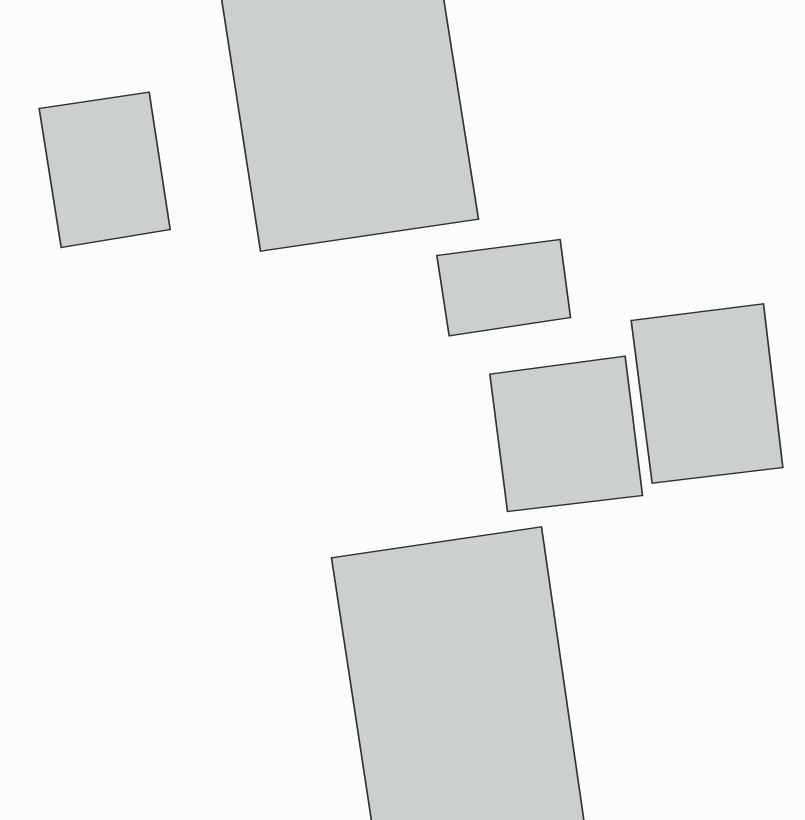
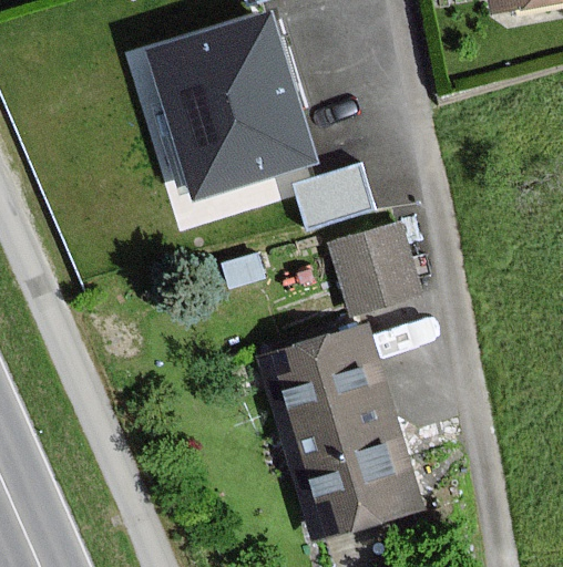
building: [39,92,170,247] -> none
building: [631,304,783,483] -> none

